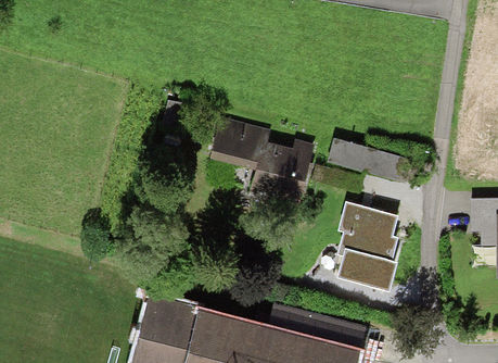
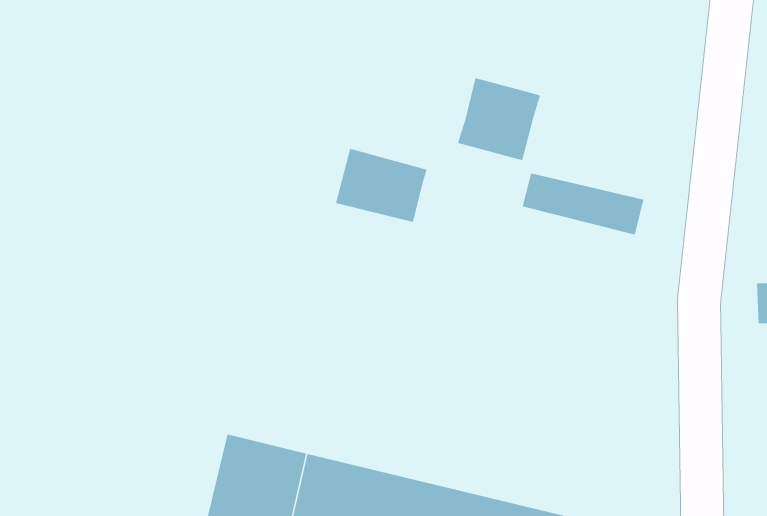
building: [258,143,309,195] -> [457,77,541,161]
building: [343,205,398,284] -> none

